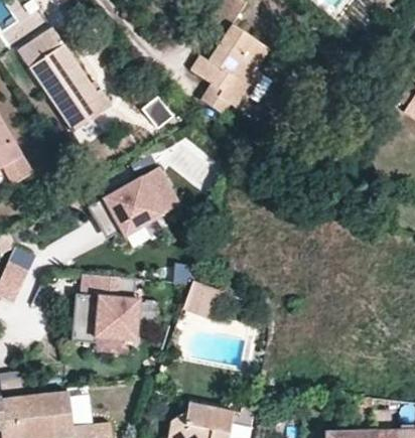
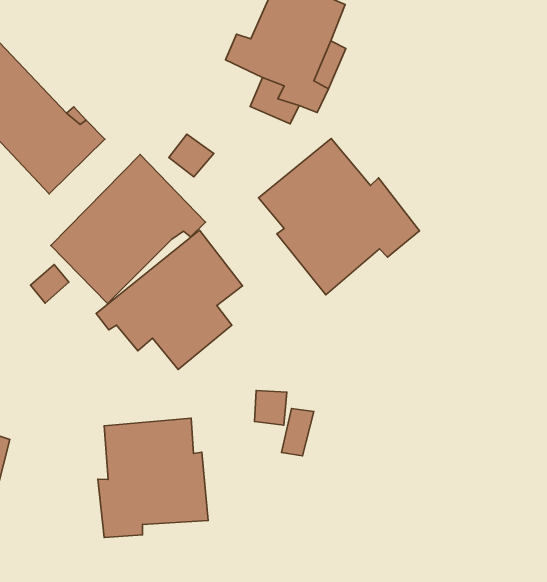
building: none -> [51,154,205,304]
building: none -> [258,139,420,295]

